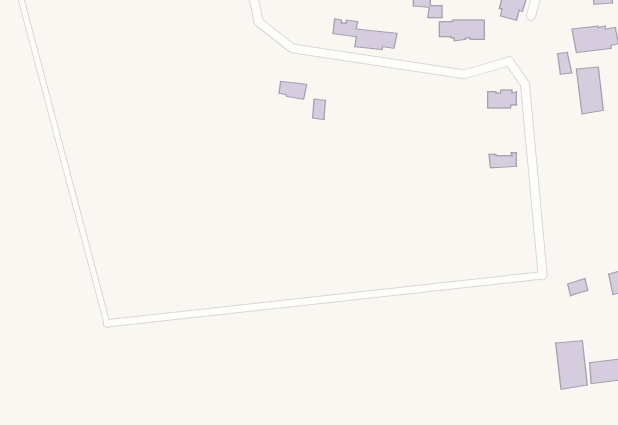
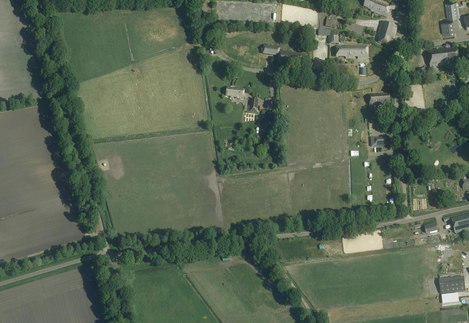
building: [576,67,603,114] -> none
building: [556,340,587,389] -> none

